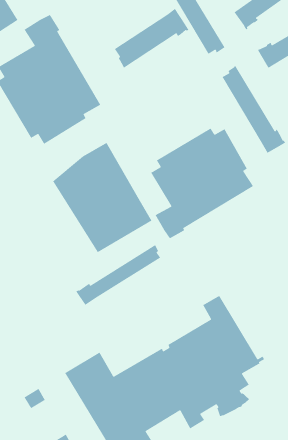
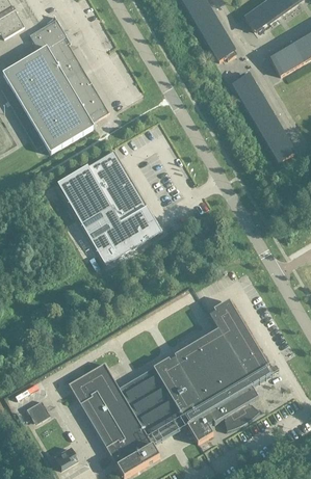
building: [114,8,189,69] -> none
building: [150,128,255,242] -> none
building: [75,244,161,306] -> none

